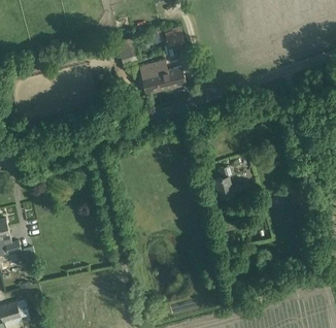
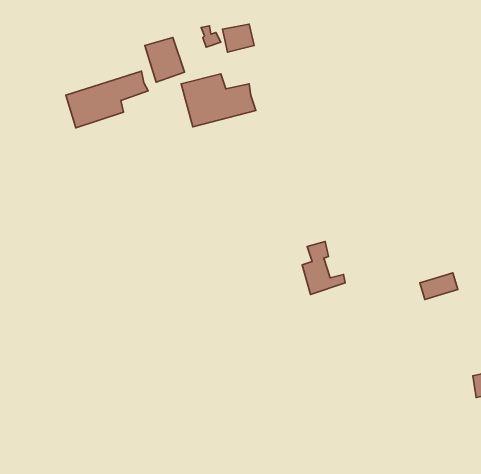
building: none -> [66,71,148,128]

